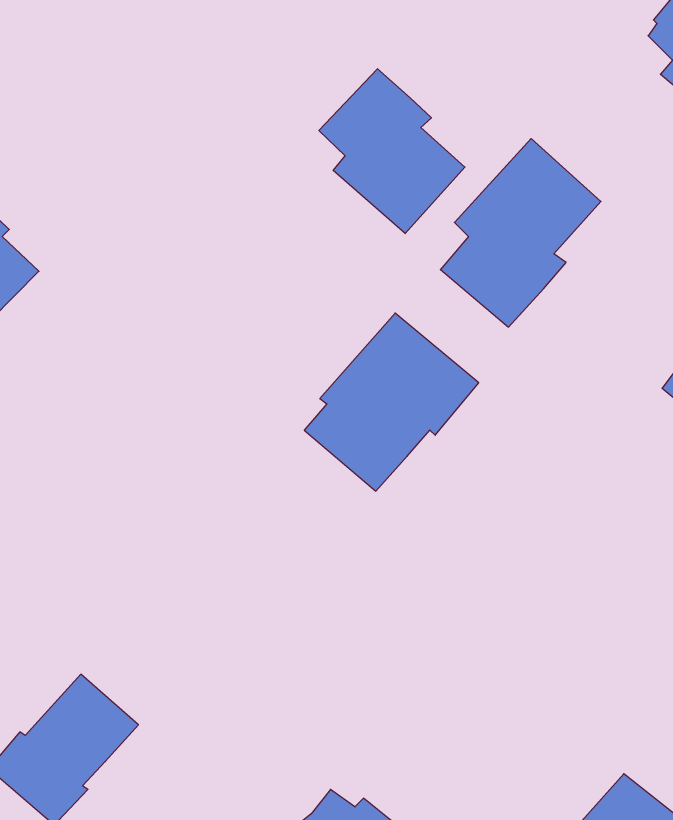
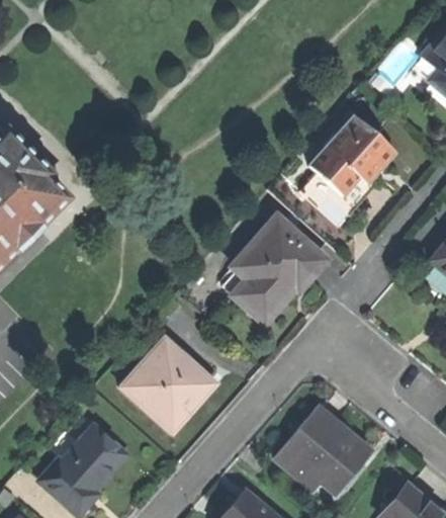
building: [319,69,465,234] -> none
building: none -> [122,338,212,432]
building: none -> [273,406,370,490]

